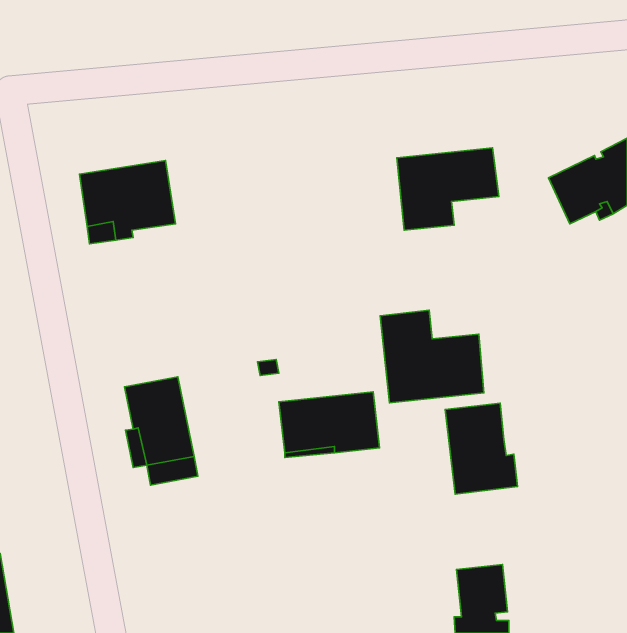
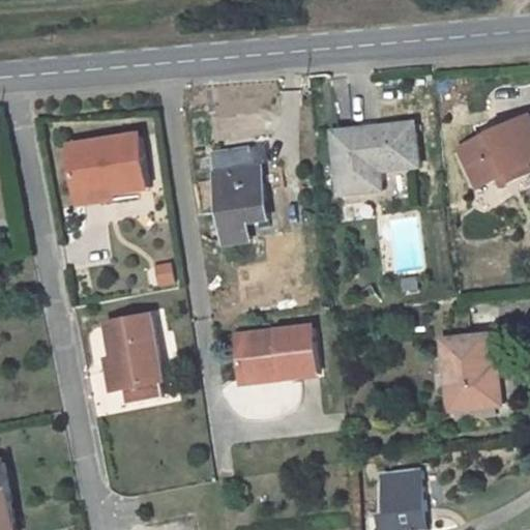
building: none -> [208,146,266,242]
building: [380,310,484,403] -> none
building: [445,403,517,494] -> [439,333,499,409]

